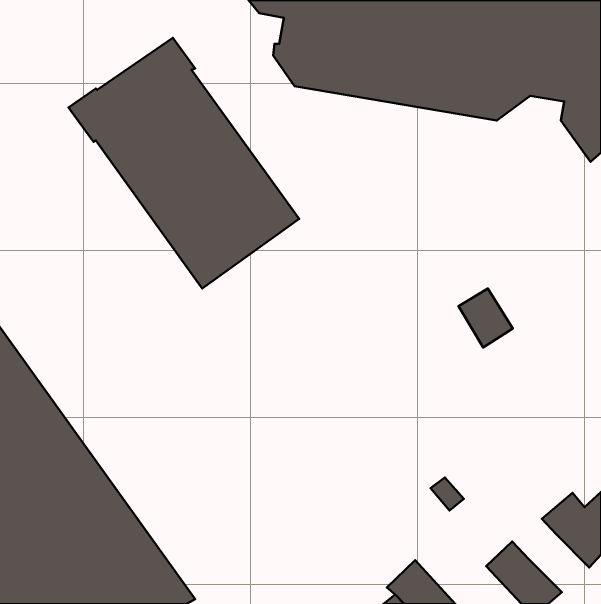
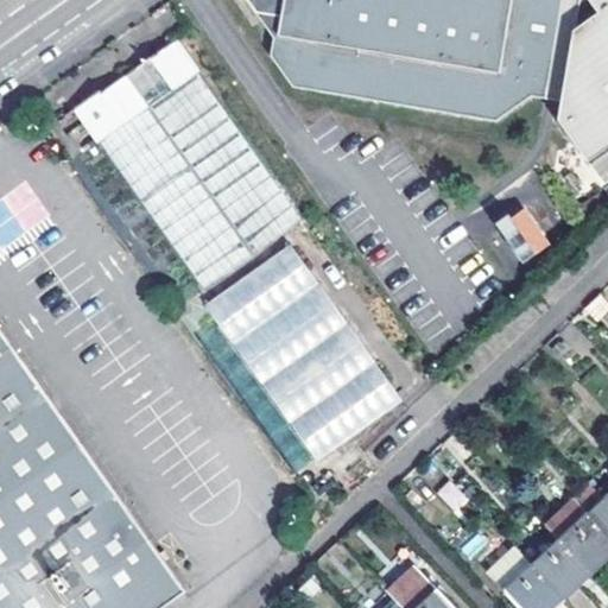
building: none -> [205,241,400,460]
building: [458,288,513,348] -> [493,204,547,264]
building: none -> [531,537,591,595]

